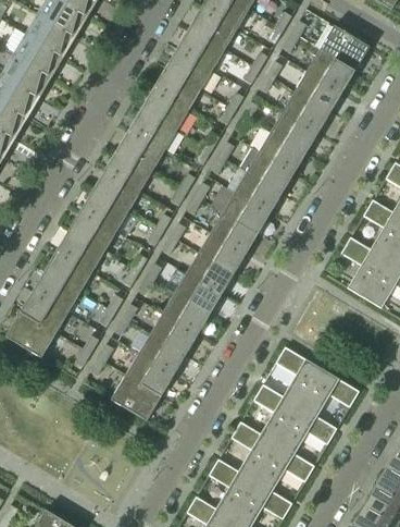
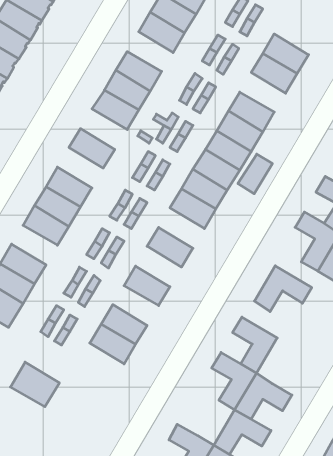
building: [317,26,368,73] -> none
building: [164,49,212,90] -> none
building: [282,91,329,133] -> none
building: [115,130,164,172] -> none
building: [91,170,139,212] -> none
building: none -> [238,154,272,194]
building: [197,233,245,275] -> none
building: [43,252,91,293] -> none
building: [173,273,221,316] -> none
building: [149,315,197,356] -> none
building: [299,369,359,417] -> [254,266,312,312]
building: [110,375,161,421] -> [10,362,59,407]
building: [229,421,276,481] -> none

